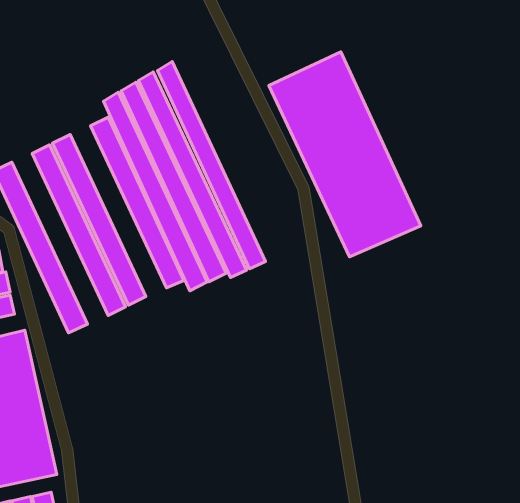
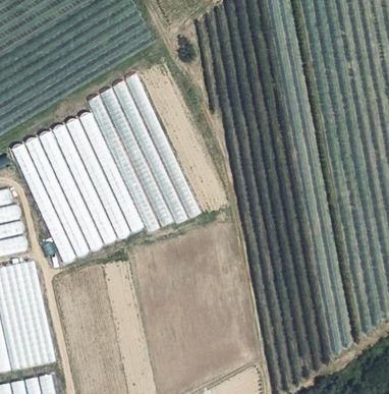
building: [269,52,421,257] -> none
building: none -> [65,118,130,237]
building: none -> [23,136,90,256]

